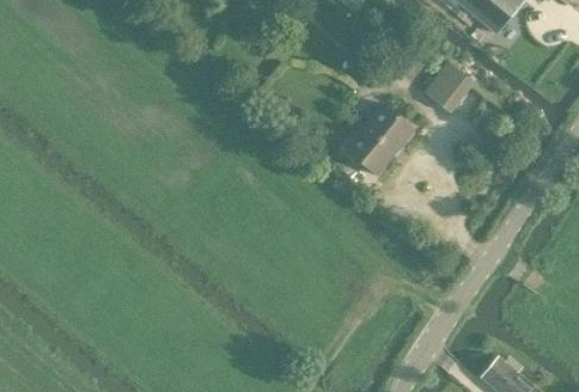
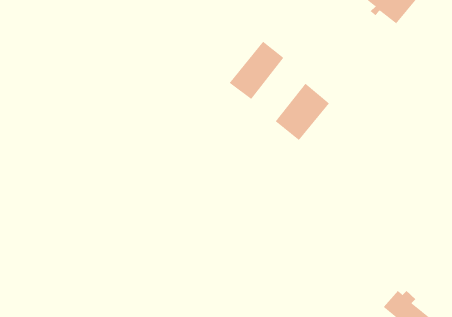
building: none -> [229,41,284,100]
building: [422,66,469,114] -> none

